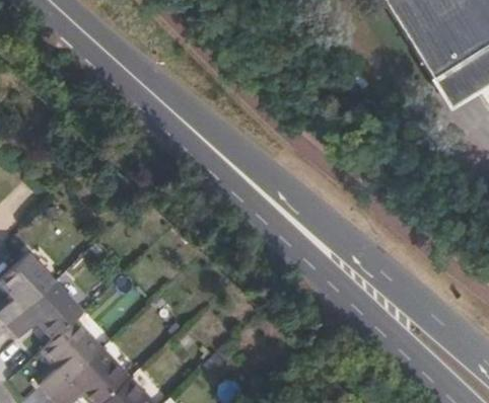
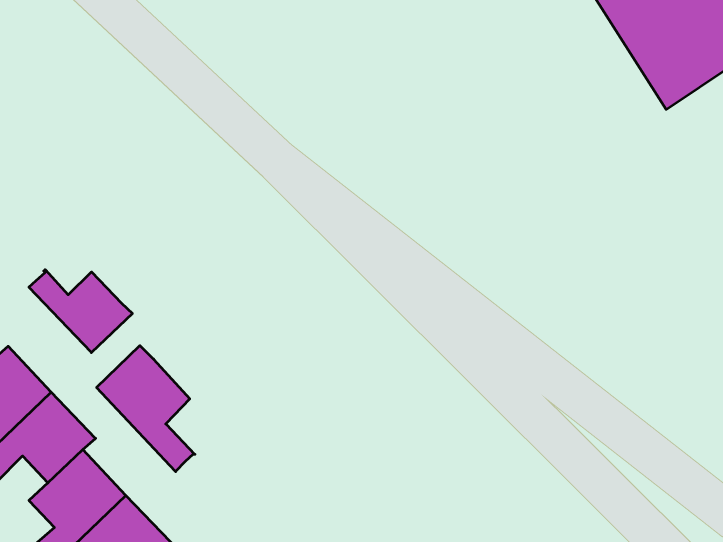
building: none -> [29,270,132,353]
building: none -> [97,346,195,472]

